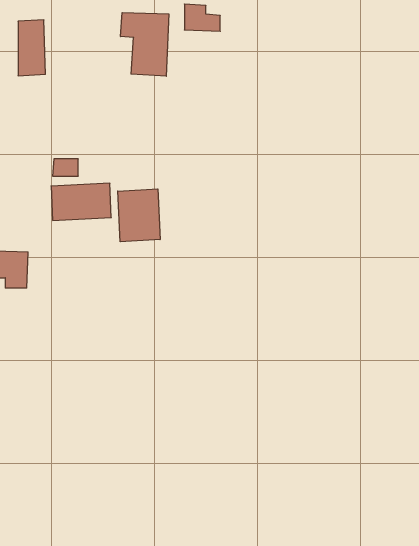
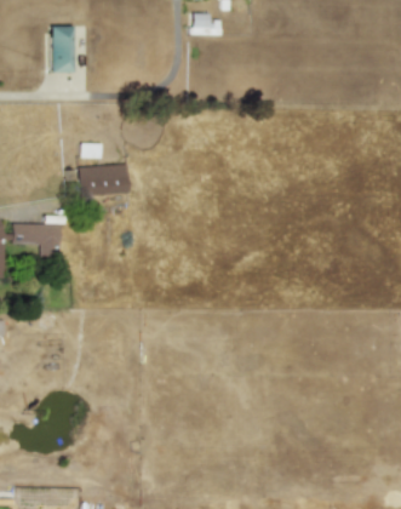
building: [121,13,169,76] -> none
building: [118,189,160,242] -> none

